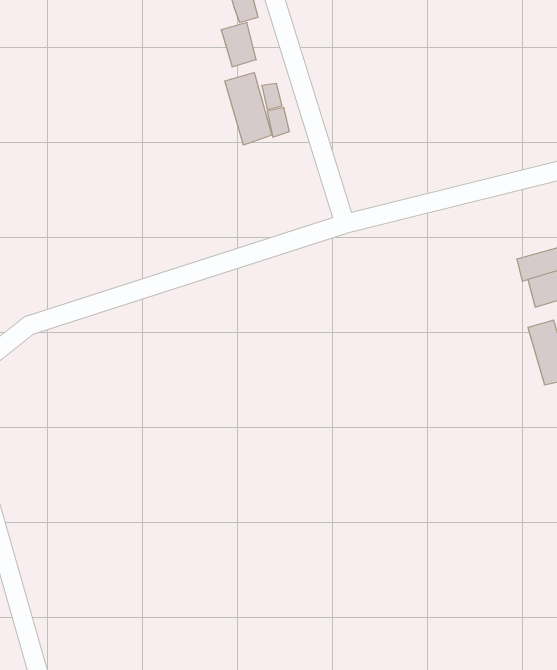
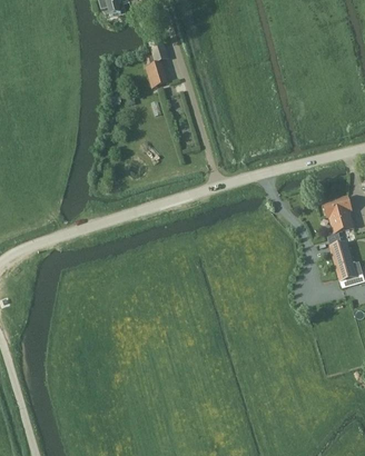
building: [225,73,272,145] -> none

